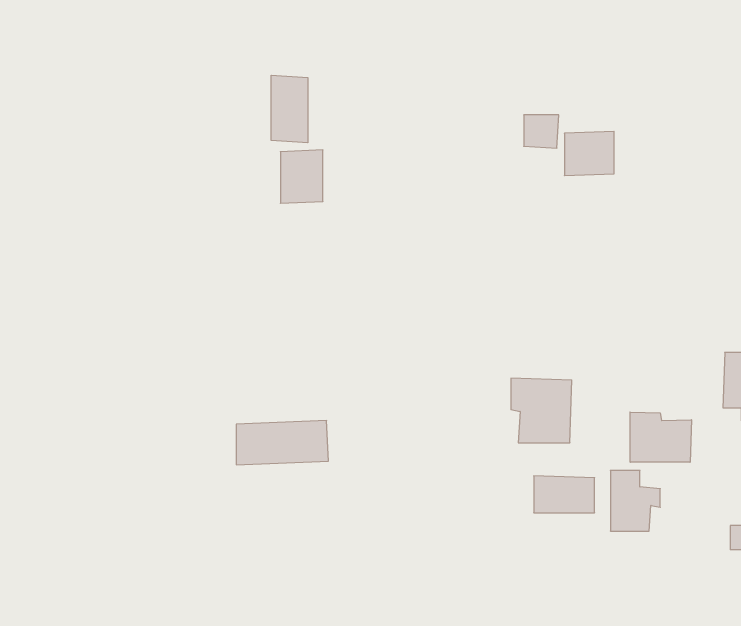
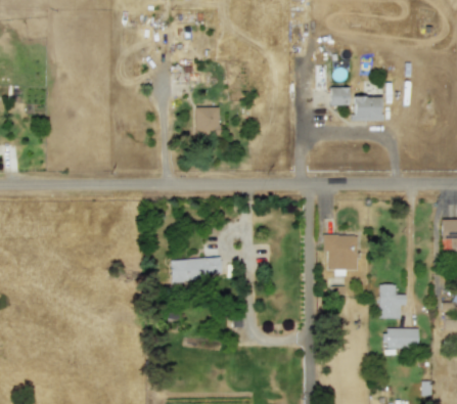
building: [271,75,308,143] -> none
building: [630,412,691,462] -> none
building: [534,476,595,513] -> [385,327,419,348]

